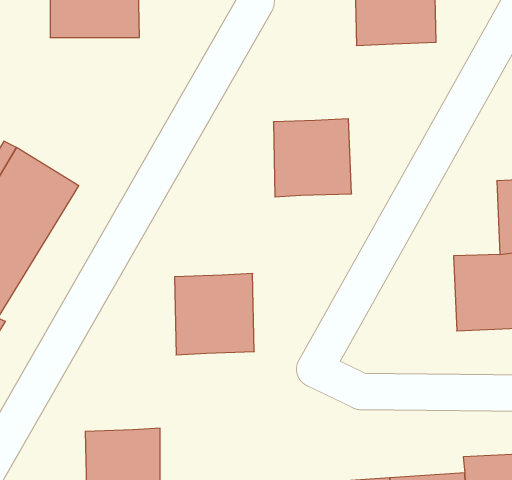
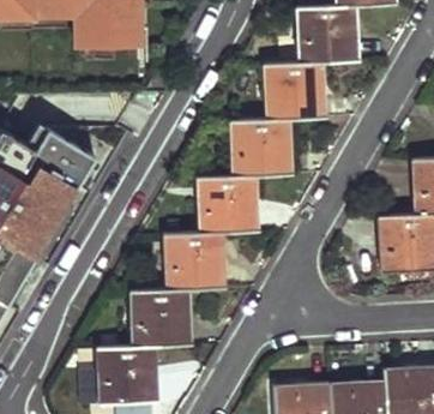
building: none -> [270,55,331,113]
building: none -> [200,169,261,229]
building: none -> [133,288,191,346]

